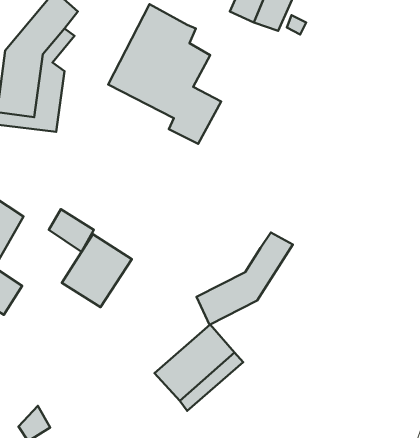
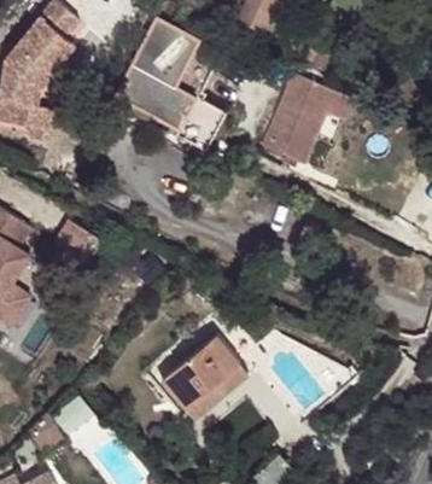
building: none -> [261,74,351,164]
building: [197,232,293,325] -> none
building: [62,234,132,307] -> none

